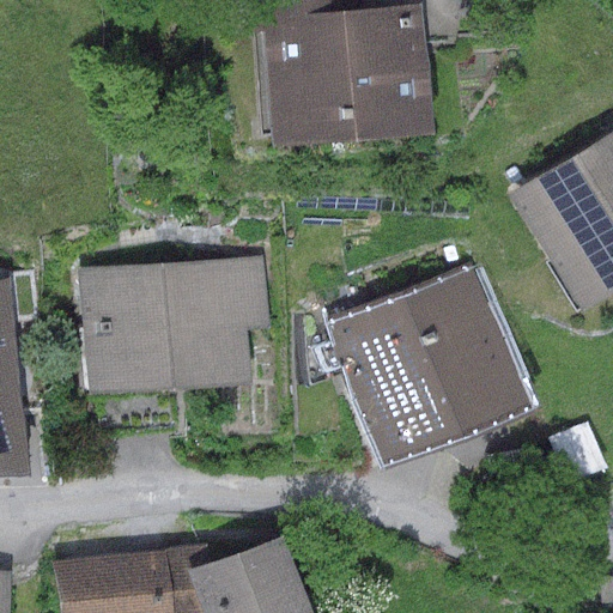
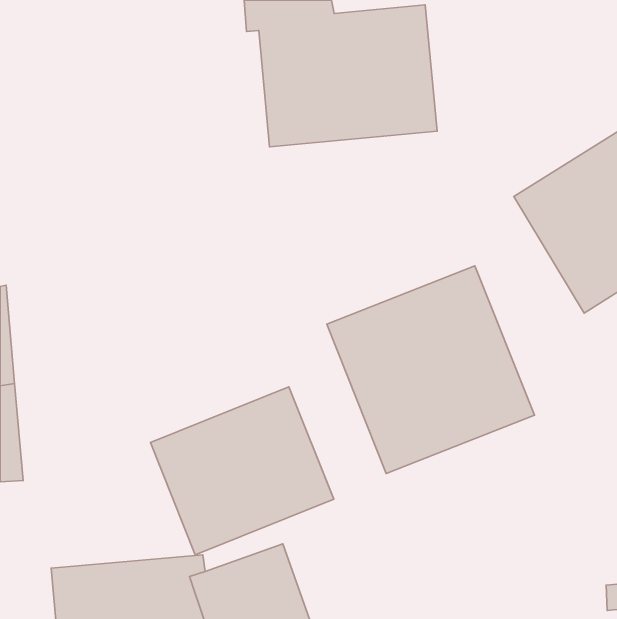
building: [79,260,269,394] -> none
building: none -> [151,387,334,555]

